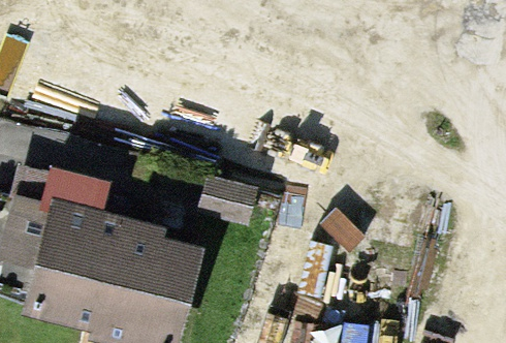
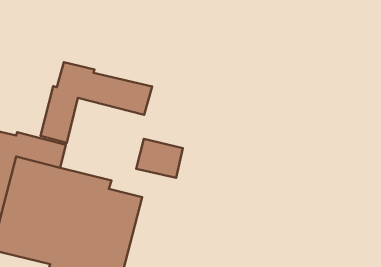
building: none -> [40,62,152,143]

